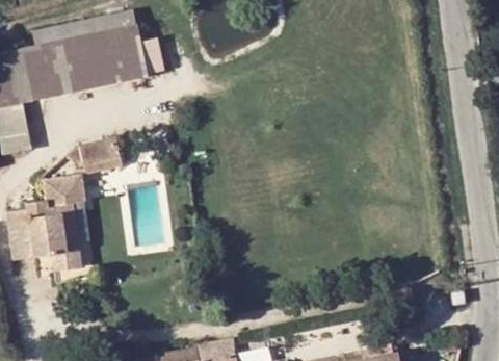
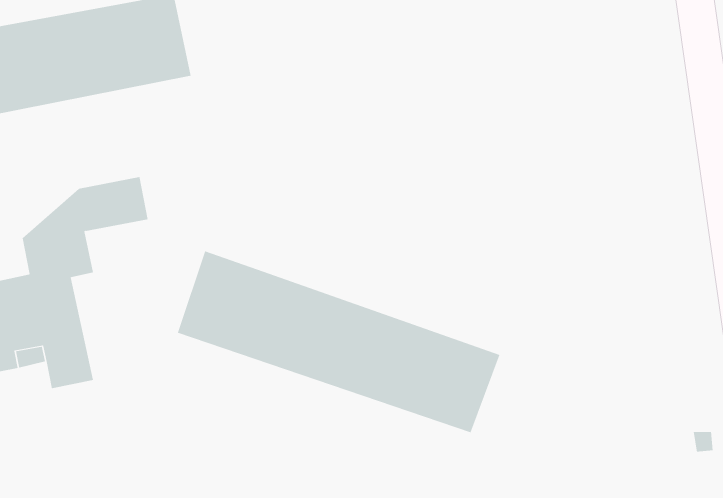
building: none -> [177,251,500,433]

